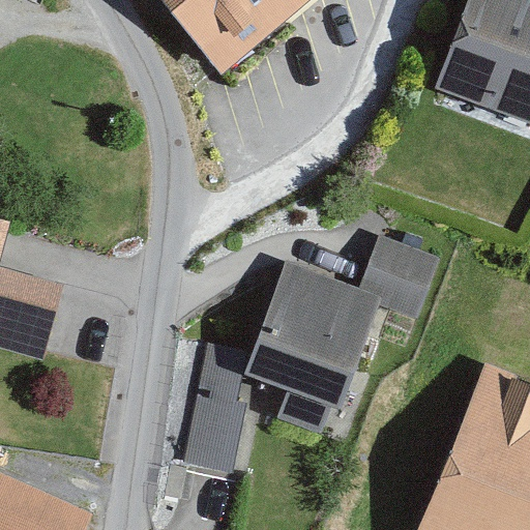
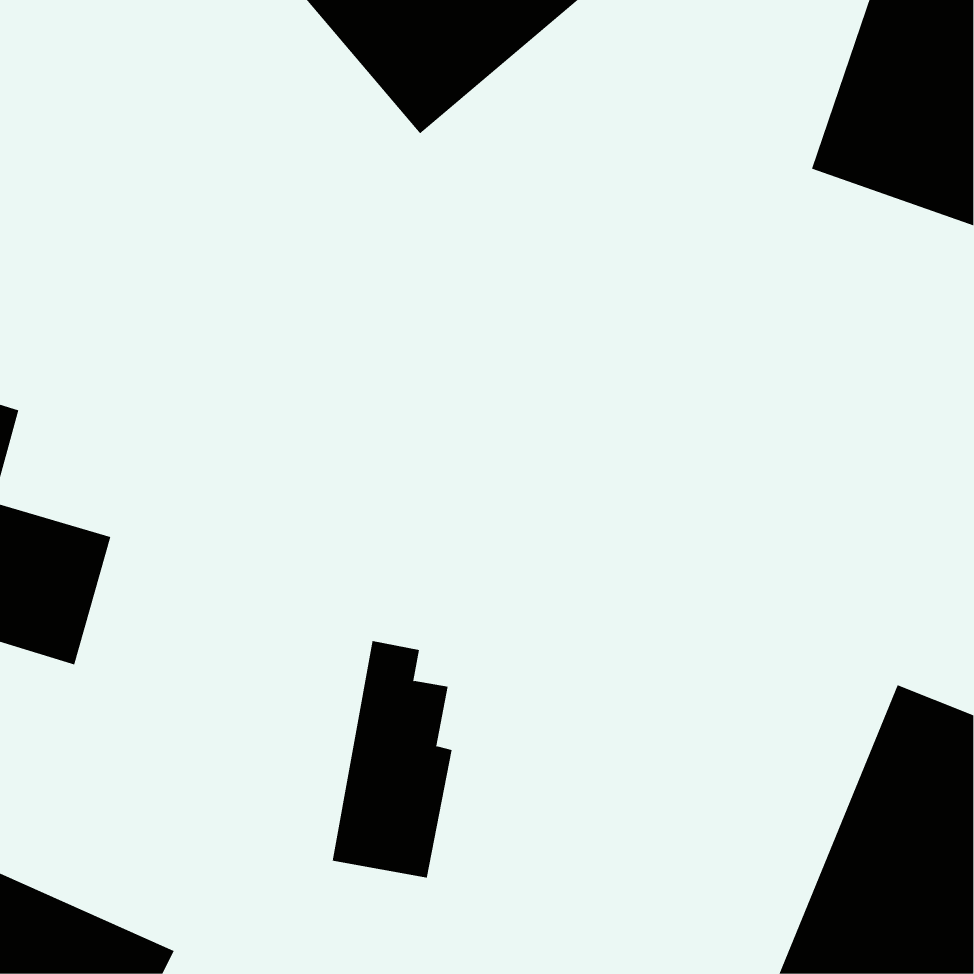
building: [246,240,437,435] -> none

